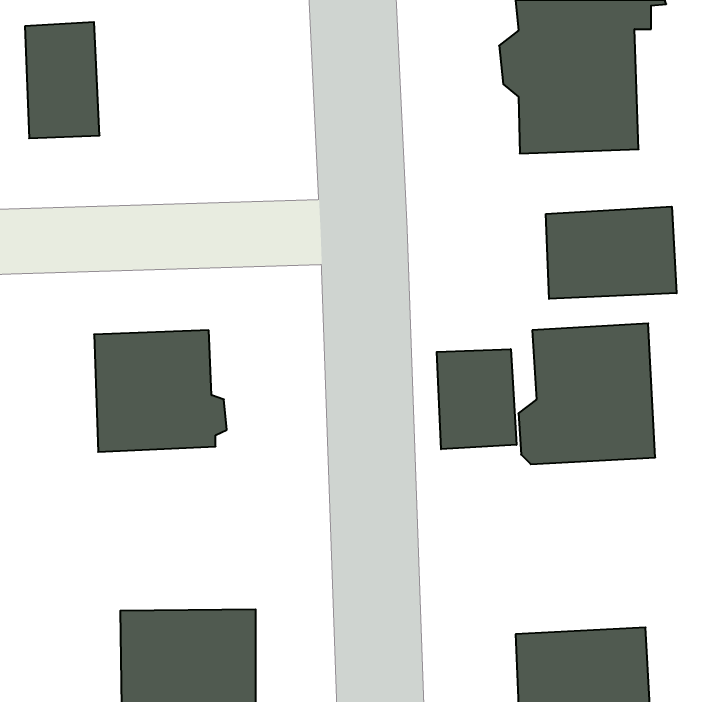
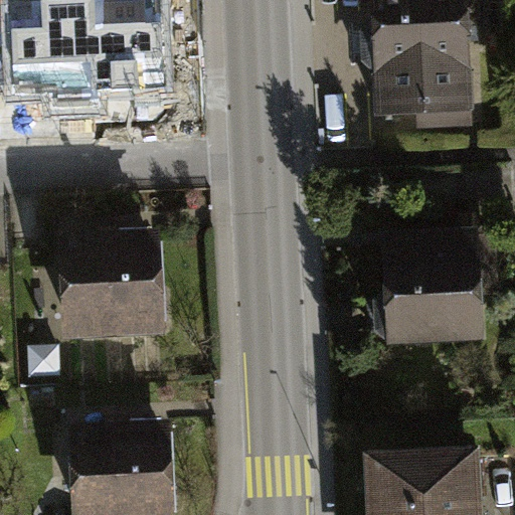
building: none -> [68,16,159,102]
building: [546,207,677,299] -> none
building: [437,349,516,449] -> none

